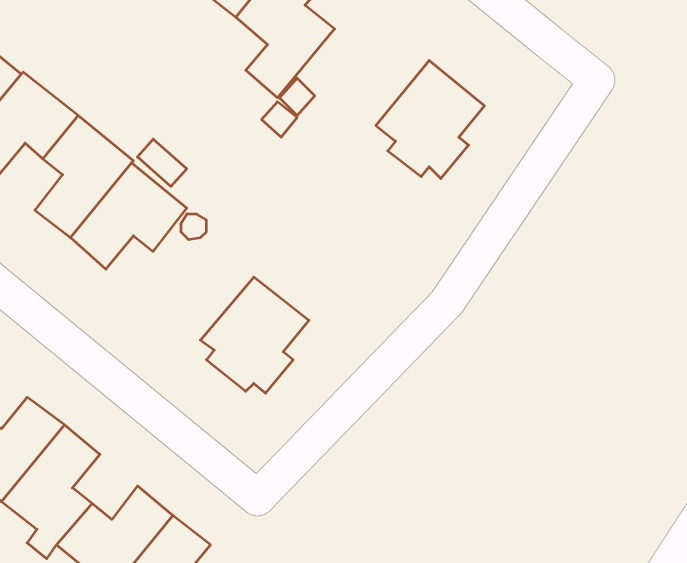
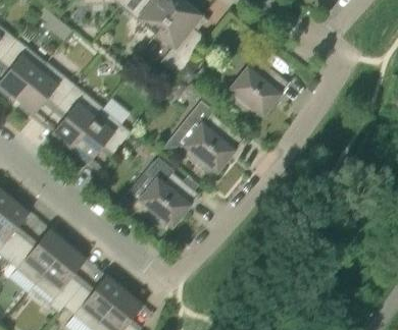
building: none -> [161,100,238,173]

